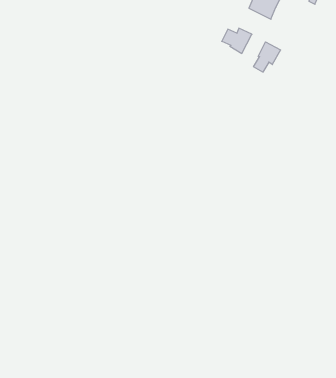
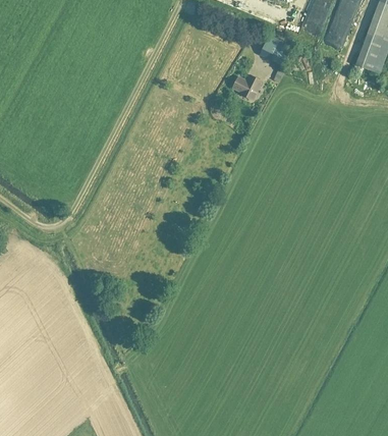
building: [254,42,281,72] -> none

